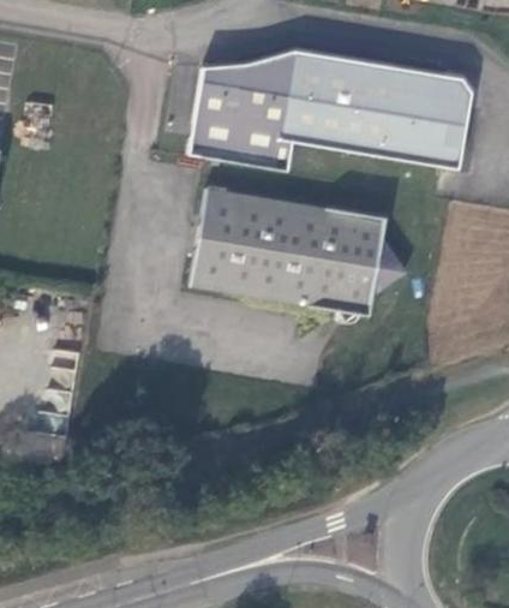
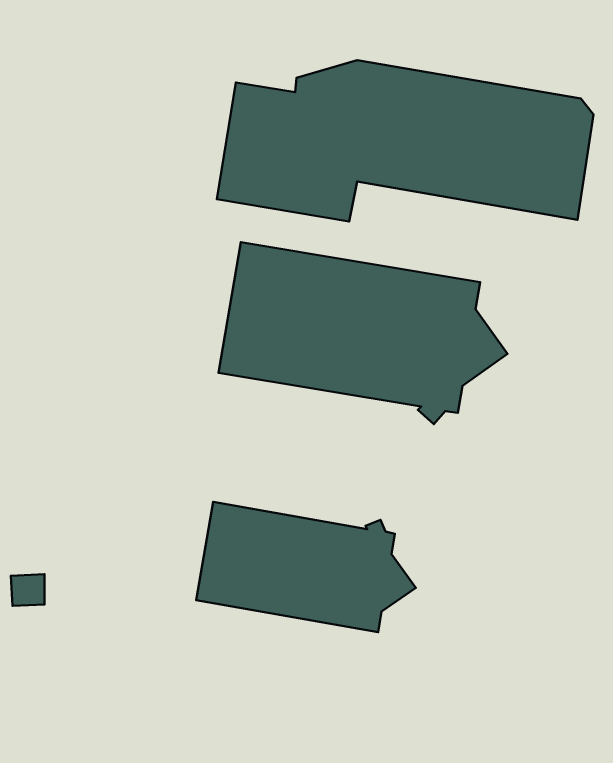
building: none -> [196,502,416,632]

